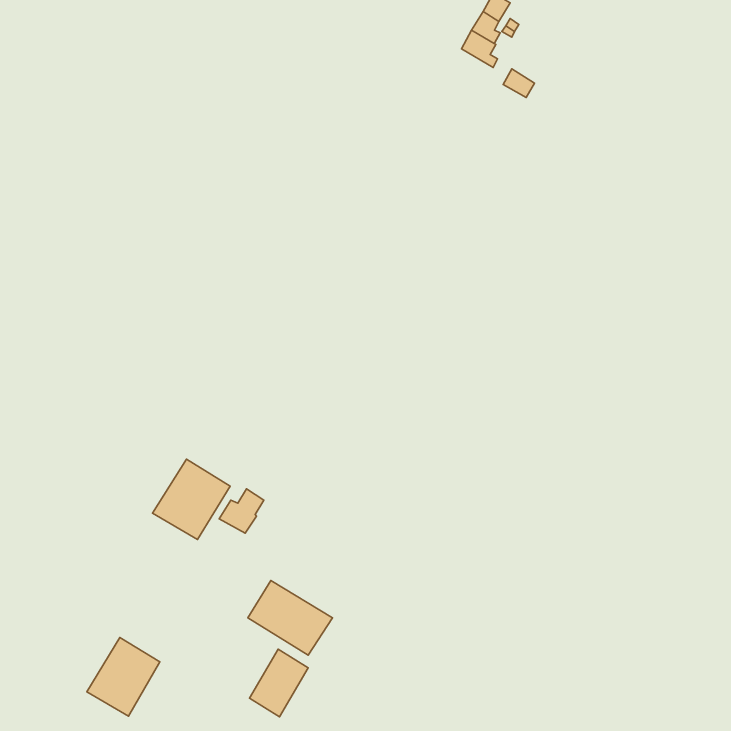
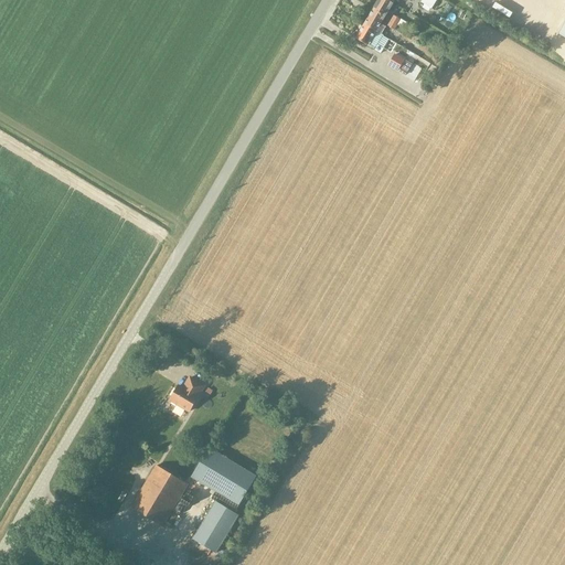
building: [153,459,230,540] -> none
building: [87,637,160,716] -> [131,465,188,525]

